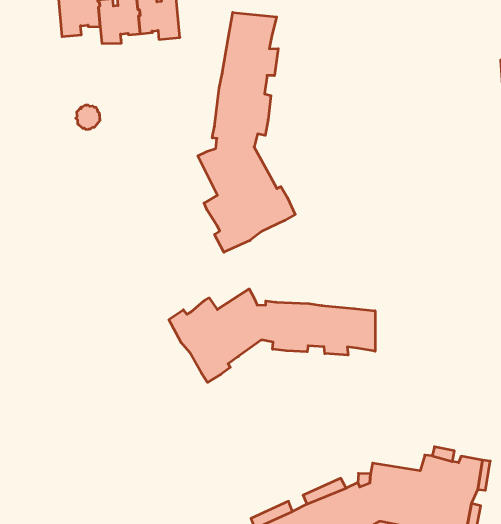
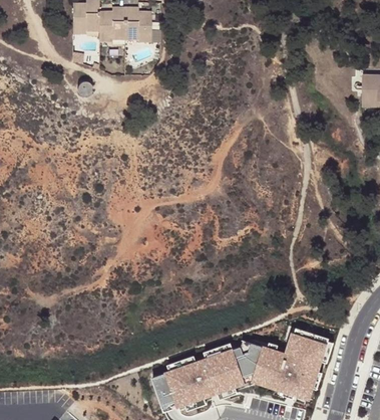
building: [198,12,295,252] -> none
building: [169,289,375,382] -> none

